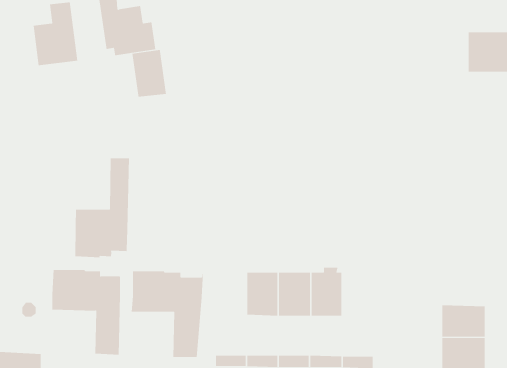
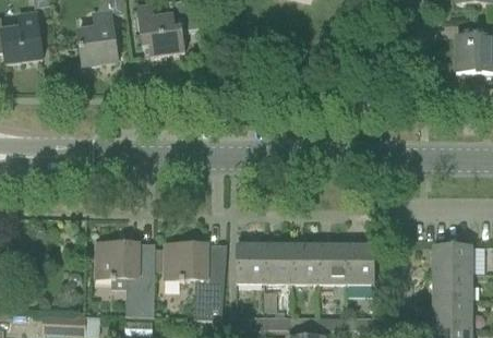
building: [132,49,167,98] -> none
building: [75,157,130,260] -> none
building: none -> [235,244,263,281]
building: none -> [346,244,374,282]
building: none -> [432,245,470,274]

